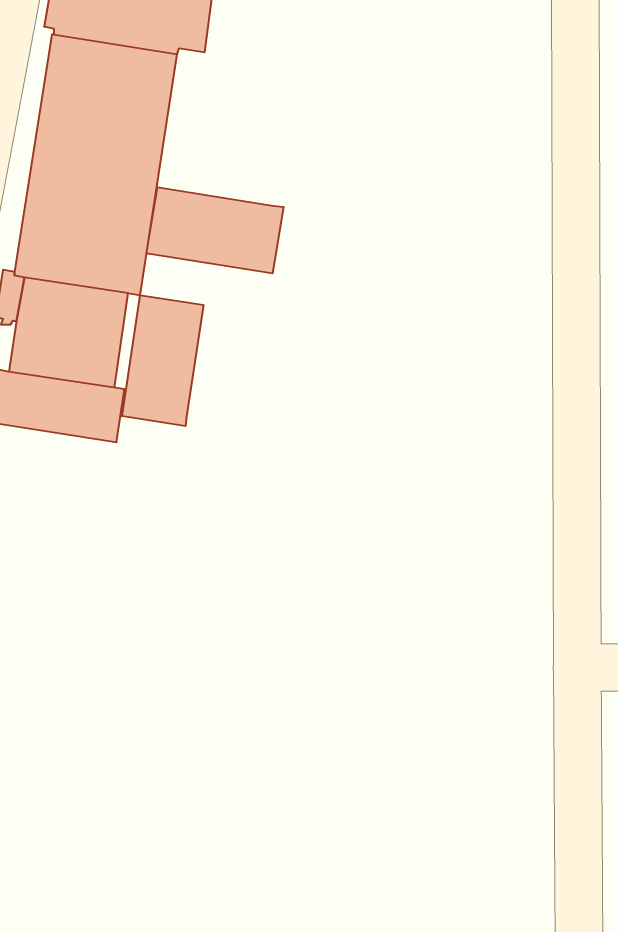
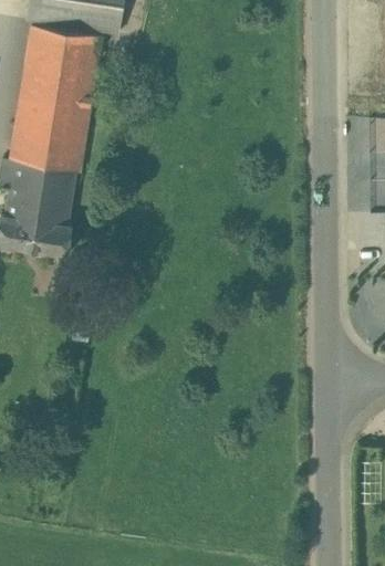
building: [146,187,284,273] -> none
building: [122,295,203,426] -> none

